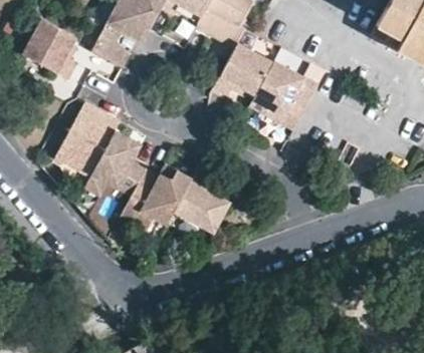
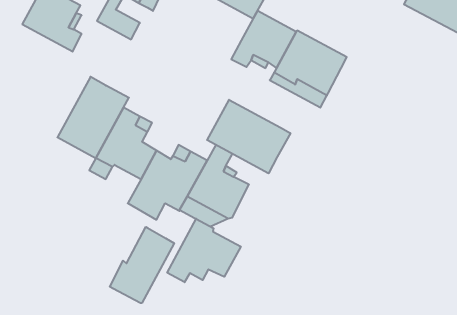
building: none -> [207,100,290,173]
building: none -> [167,219,241,282]
building: none -> [110,227,174,303]

